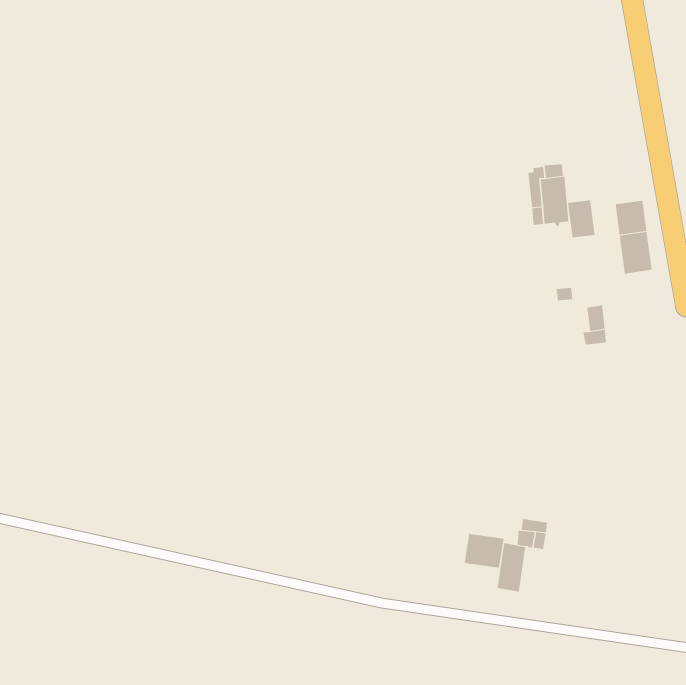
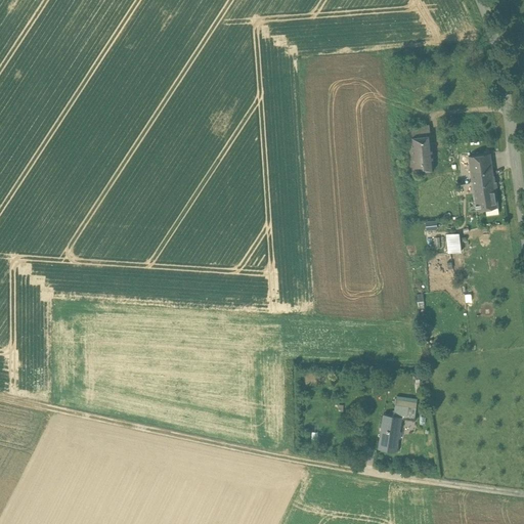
building: [568,200,595,238] -> none
building: [464,533,504,569] -> none

